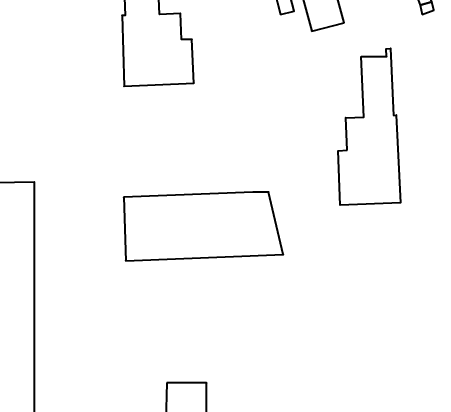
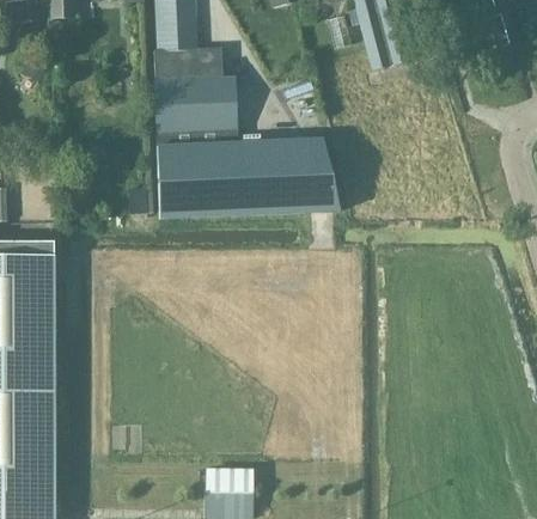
building: [338,48,401,205] -> none
building: [124,192,283,261] -> [155,139,338,218]

